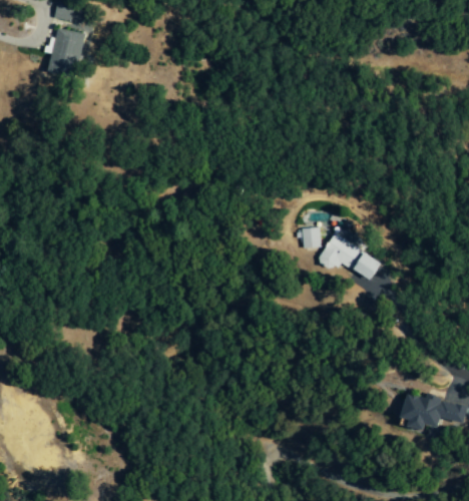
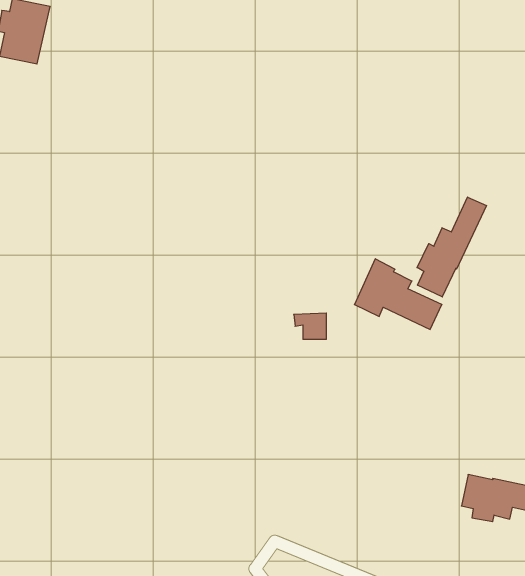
building: none -> [417,197,486,297]
building: [296,228,321,248] -> [294,313,326,339]

